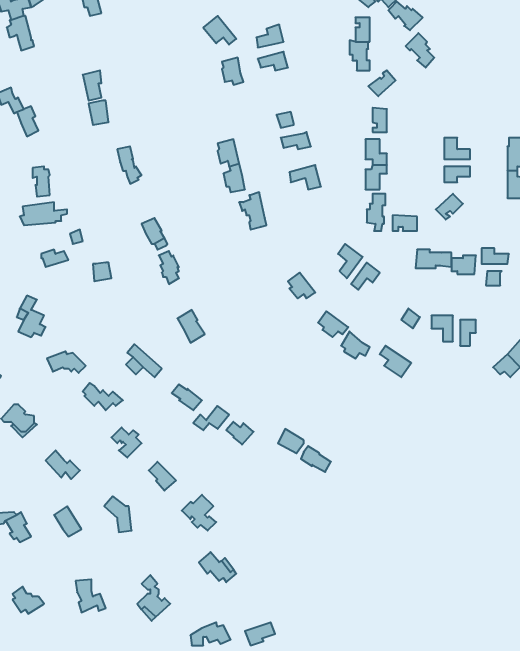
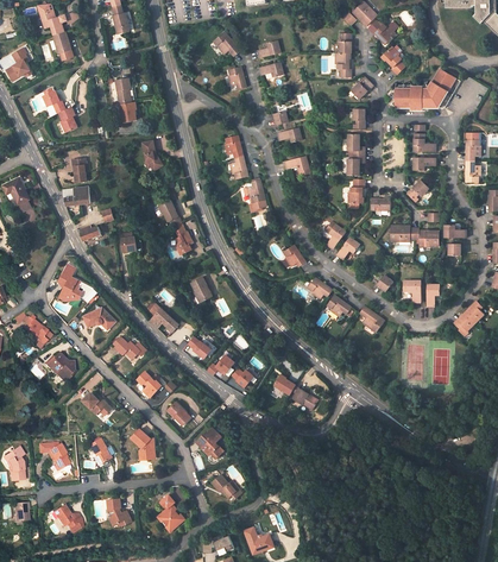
building: none -> [391,68,460,109]

